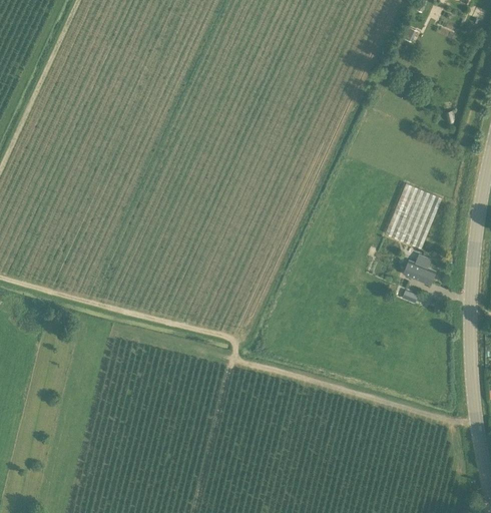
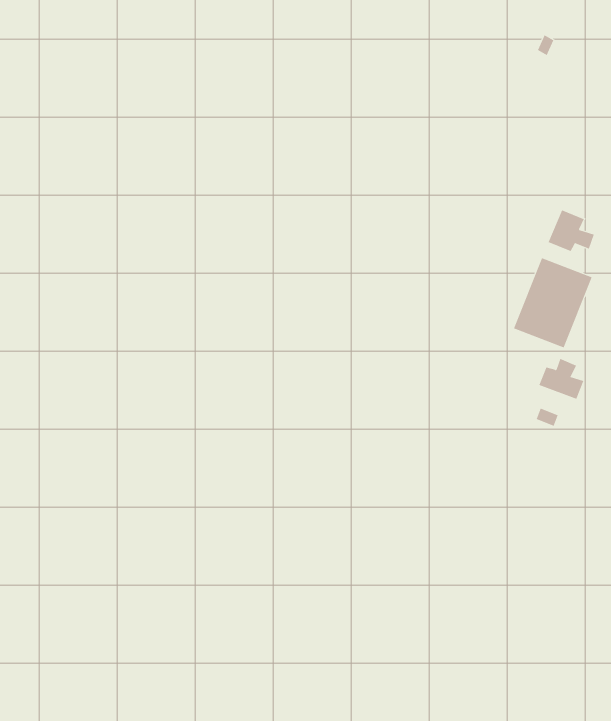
building: none -> [548,210,595,252]

